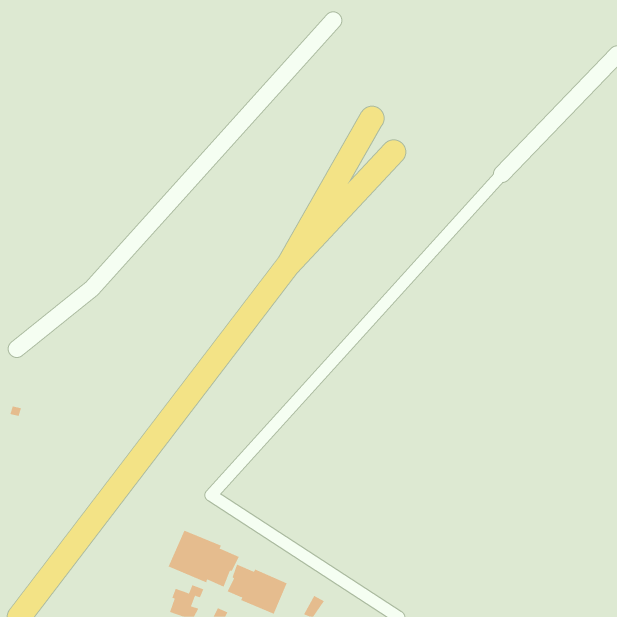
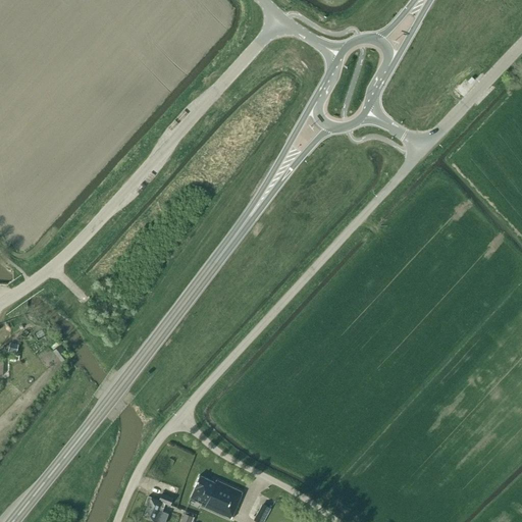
building: [168,530,240,587] -> none

